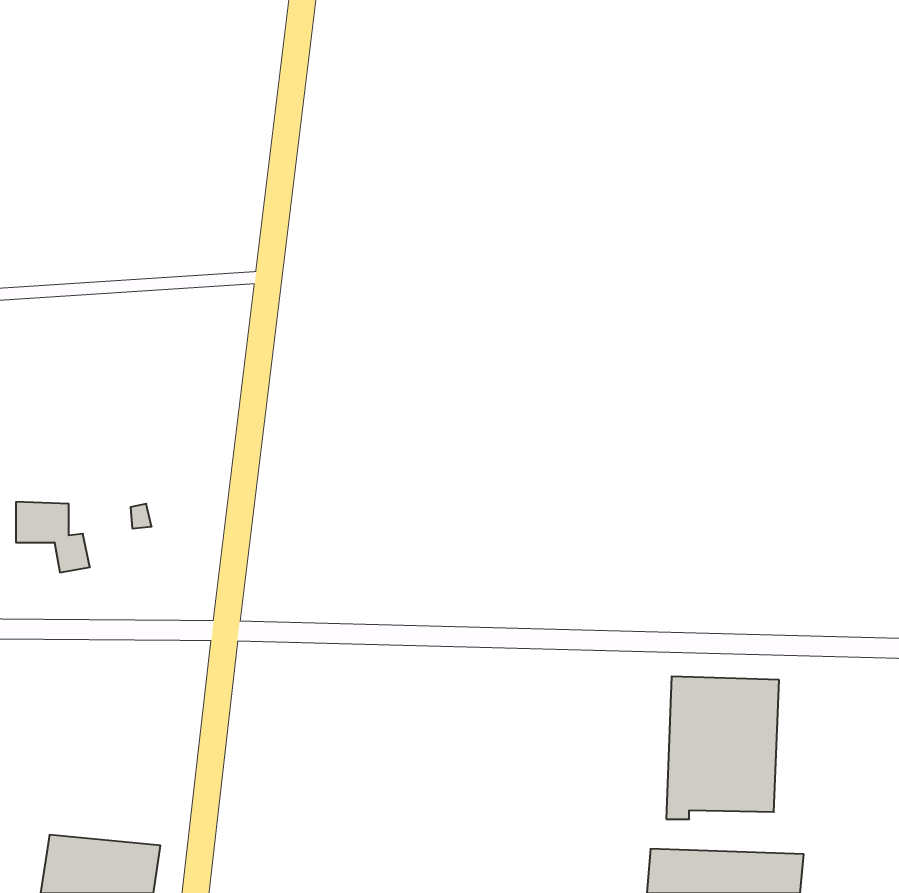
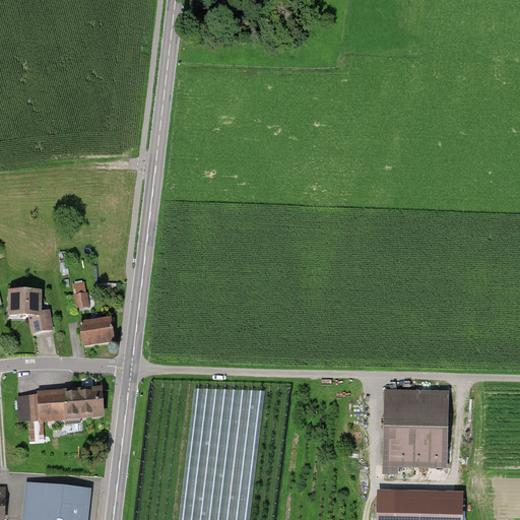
building: none -> [79,317,114,342]
building: none -> [27,386,102,418]

